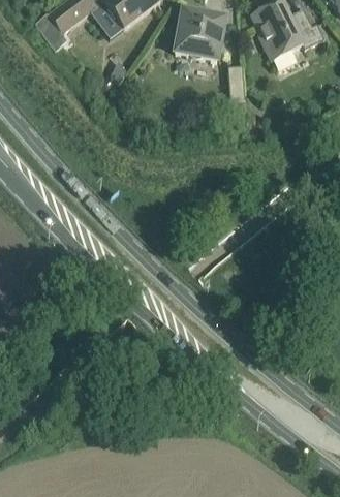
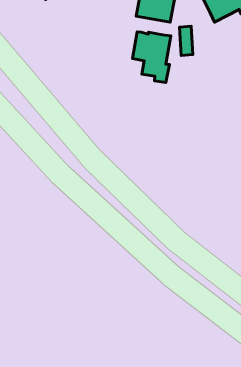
building: none -> [132,32,171,83]

